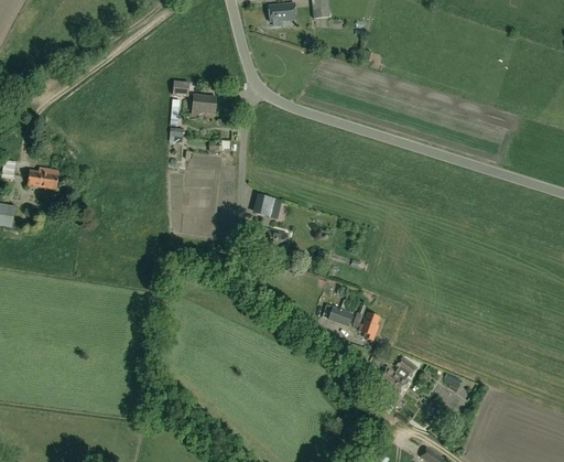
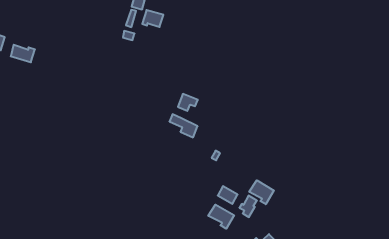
building: none -> [249,180,274,204]
building: none -> [208,205,234,229]

